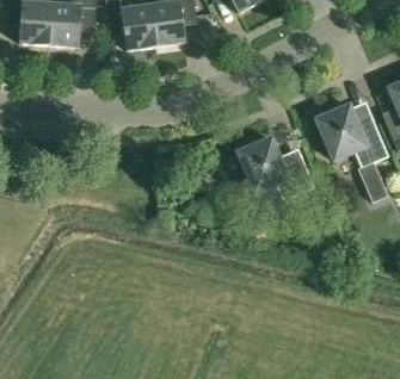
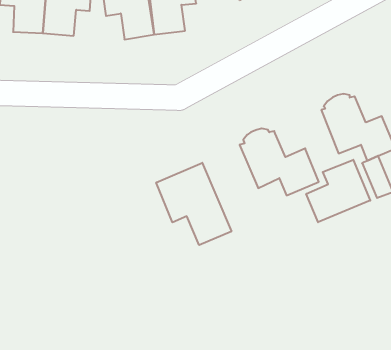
building: none -> [306,160,370,222]
building: none -> [156,163,231,245]

